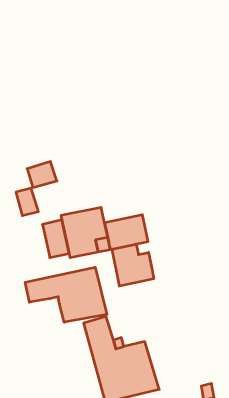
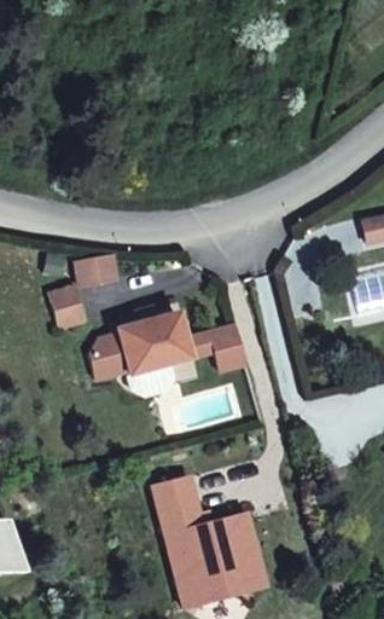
building: [112,244,154,286] -> none
building: [25,267,107,322] -> none

